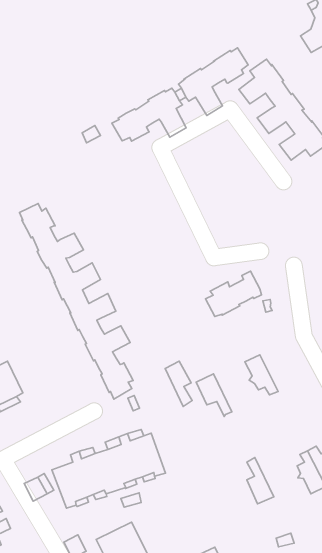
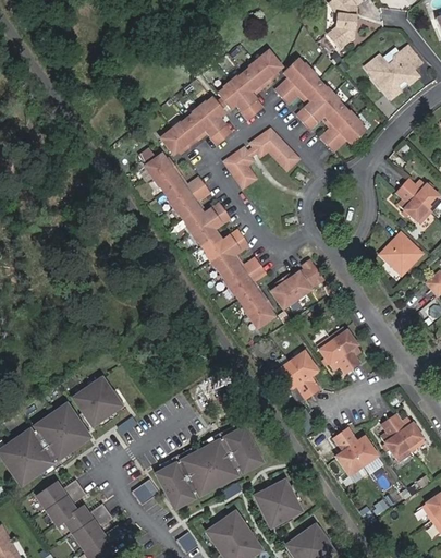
building: none -> [252,132,301,171]
building: none -> [226,150,258,190]
building: [19,204,133,399] -> [148,157,275,328]
building: none -> [331,328,360,368]
building: [165,361,192,406] -> [291,352,320,393]
building: none -> [340,427,377,466]
building: none -> [250,476,302,527]

